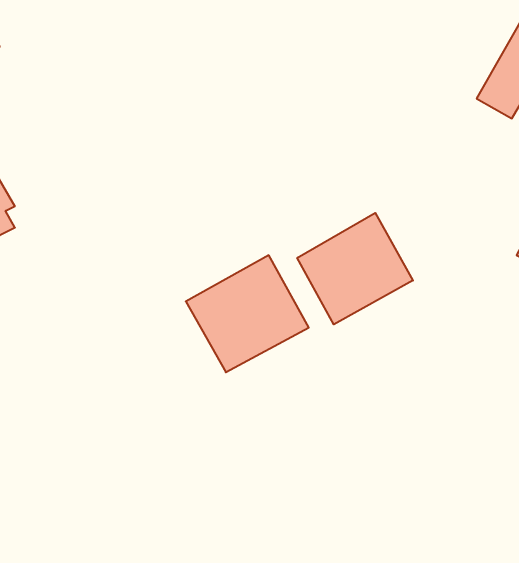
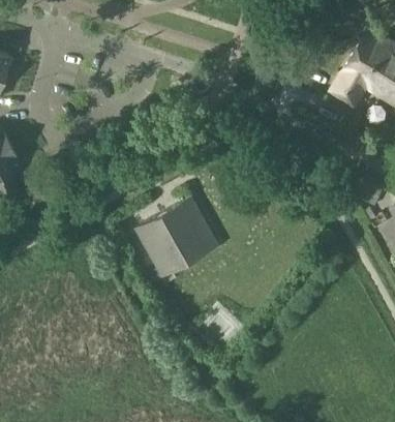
building: [297,213,413,324] -> none

